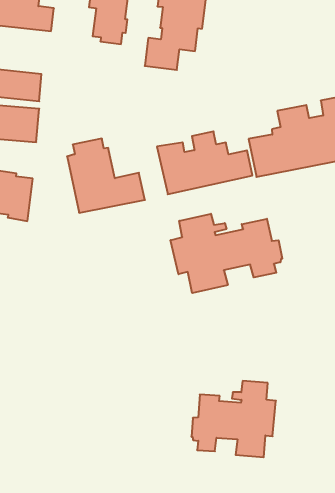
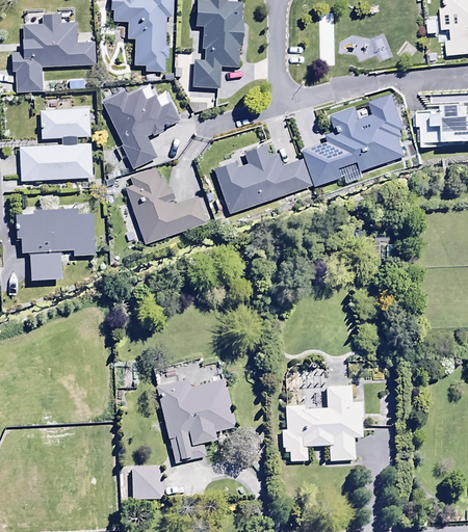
building: none -> [102,85,180,168]
building: [171,214,282,293] -> none
building: none -> [158,378,238,462]
building: none -> [132,468,163,500]

